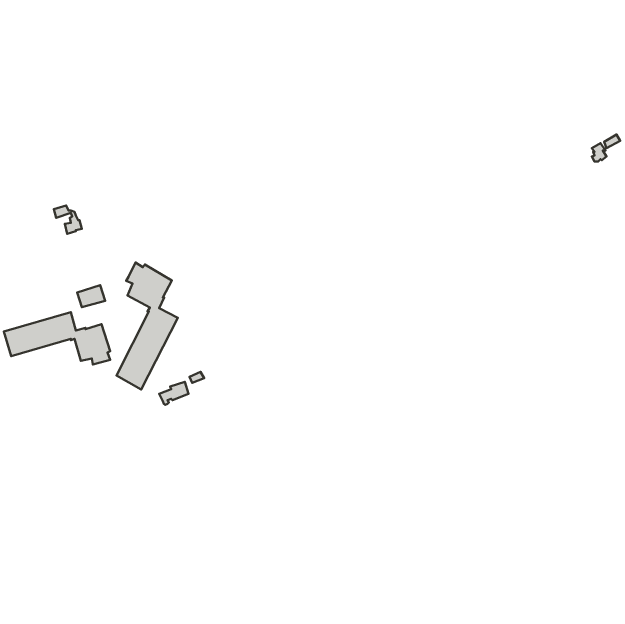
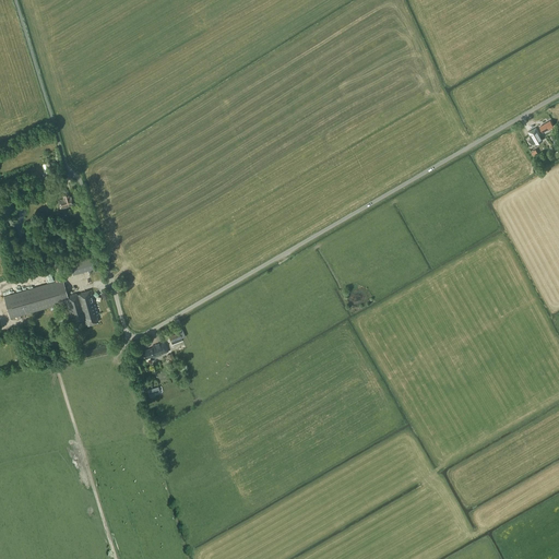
building: [116,263,178,389] -> none

